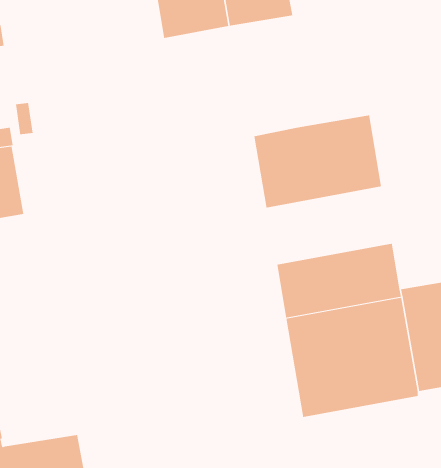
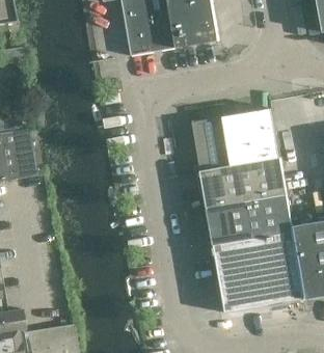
building: none -> [198,157,285,210]

